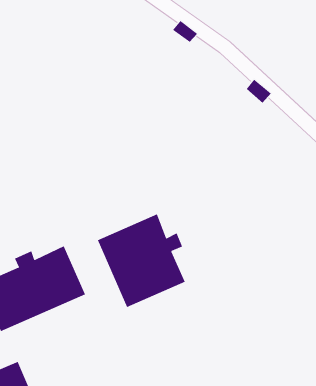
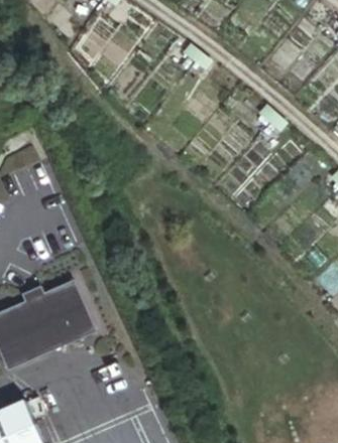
building: [97,214,185,308] -> none

